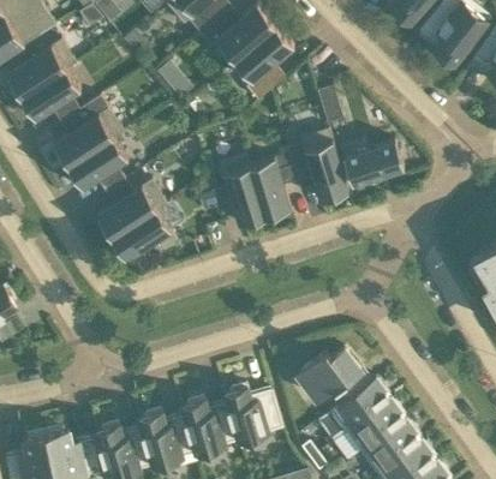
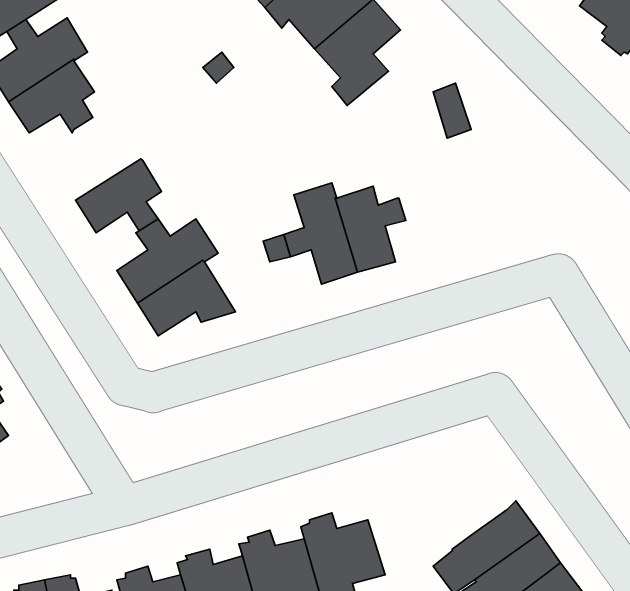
building: [53,95,124,166] -> none
building: [287,127,348,199] -> none
building: [340,137,404,184] -> none
building: [298,347,369,400] -> none

